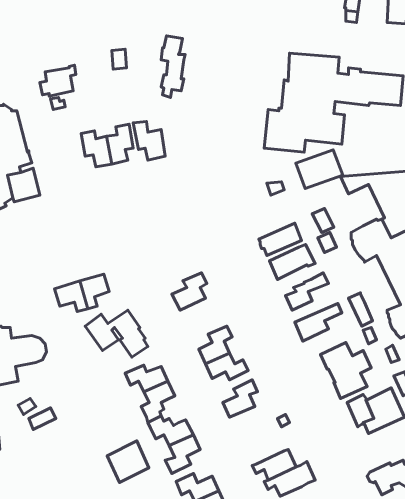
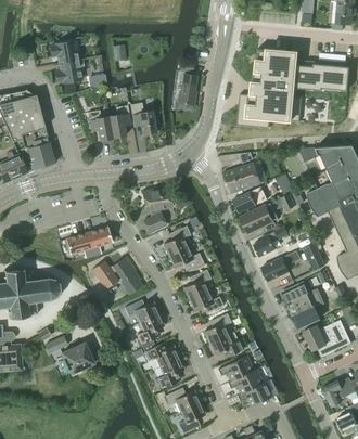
building: [161,36,185,97] -> [177,61,196,111]
building: none -> [50,41,78,64]
building: [296,150,343,189] -> [222,163,260,194]
building: none -> [142,189,172,233]
building: none -> [168,247,204,272]
building: none -> [208,333,243,357]
building: none -> [218,357,253,382]
building: [107,441,149,482] -> [61,341,94,375]

